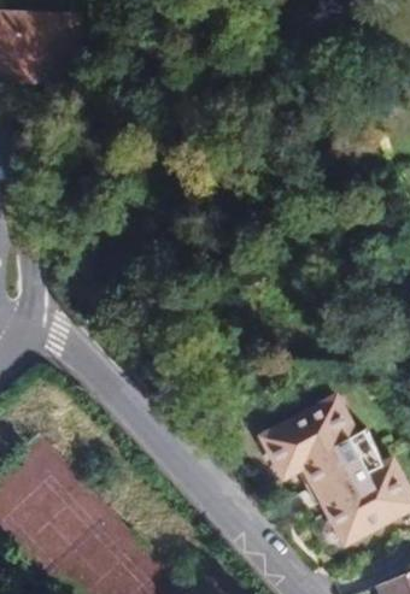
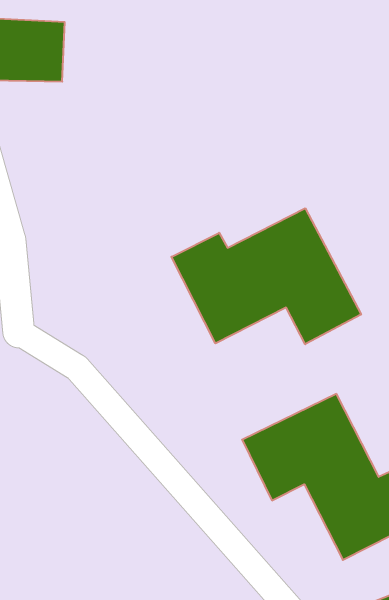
building: none -> [171,208,361,344]

